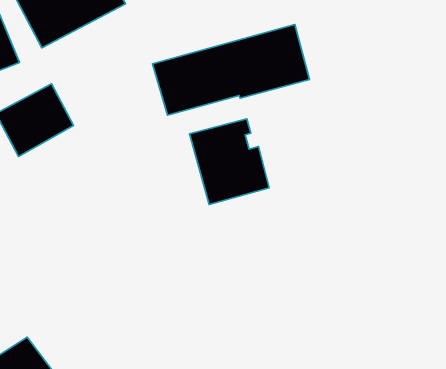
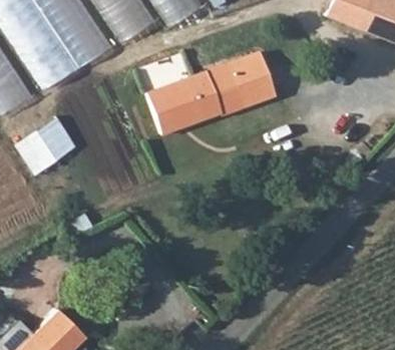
building: [190,119,269,204] -> none

